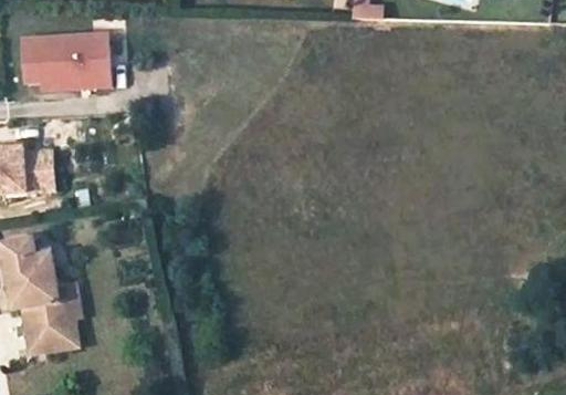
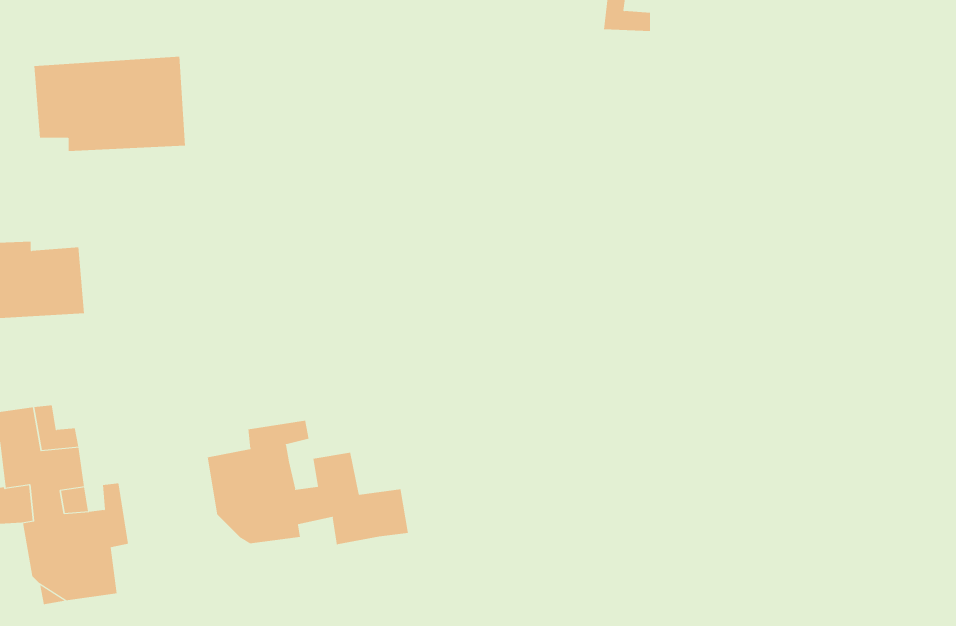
building: none -> [207,420,408,545]

